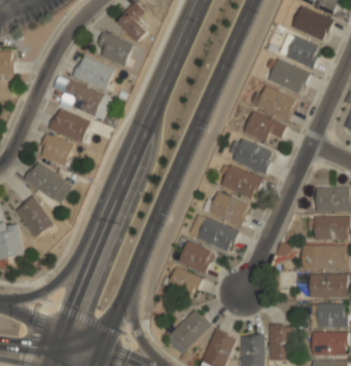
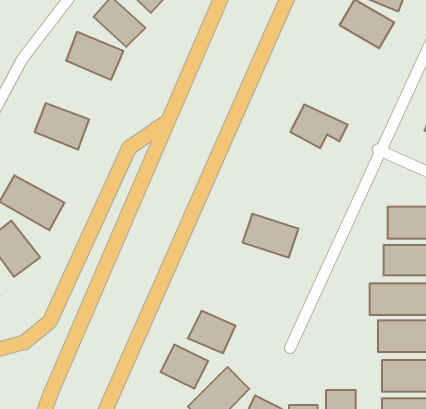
building: [267,57,311,95] -> none
building: [54,77,111,119] -> none
building: [255,84,297,121] -> none
building: [38,135,75,169] -> none
building: [227,136,274,173] -> none
building: [220,164,262,199] -> none
building: [191,215,238,252] -> none
building: [178,240,214,272] -> [160,345,208,388]

